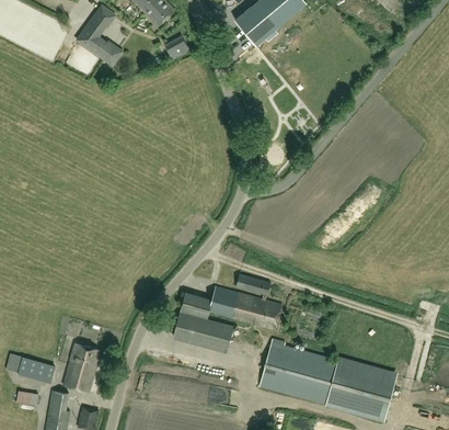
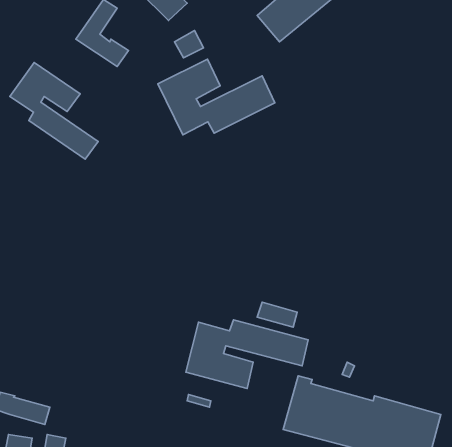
building: none -> [158,59,275,135]
building: none -> [10,62,98,159]
building: [62,343,108,393] -> none

